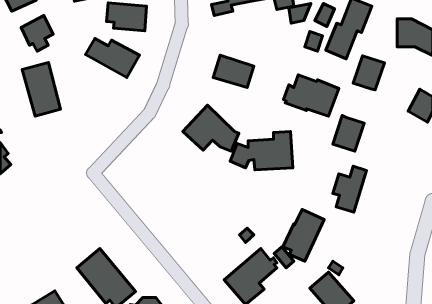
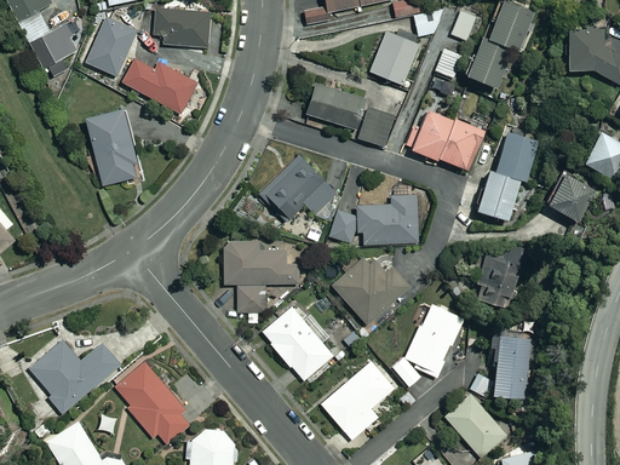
building: none -> [86,18,136,76]
building: none -> [371,33,420,86]
building: [353,56,385,90] -> [494,133,539,182]
building: [22,63,60,116] -> [85,109,139,185]
building: none -> [357,108,394,147]
building: none -> [545,172,597,223]
building: none -> [224,241,298,312]
building: none -> [333,262,413,326]
building: none -> [262,306,333,381]
building: none -> [488,332,532,400]
building: none -> [30,340,121,414]

